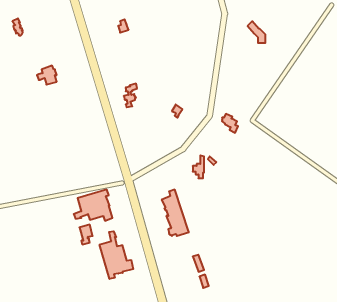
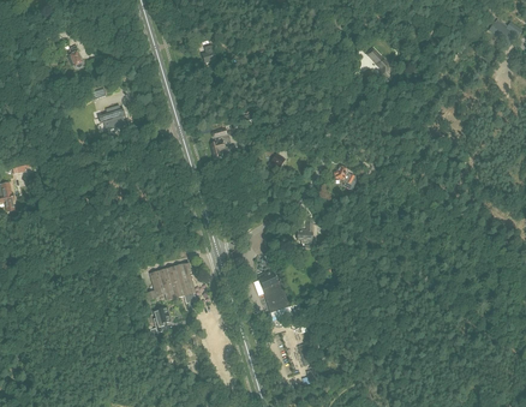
building: [100,231,133,279] -> none

